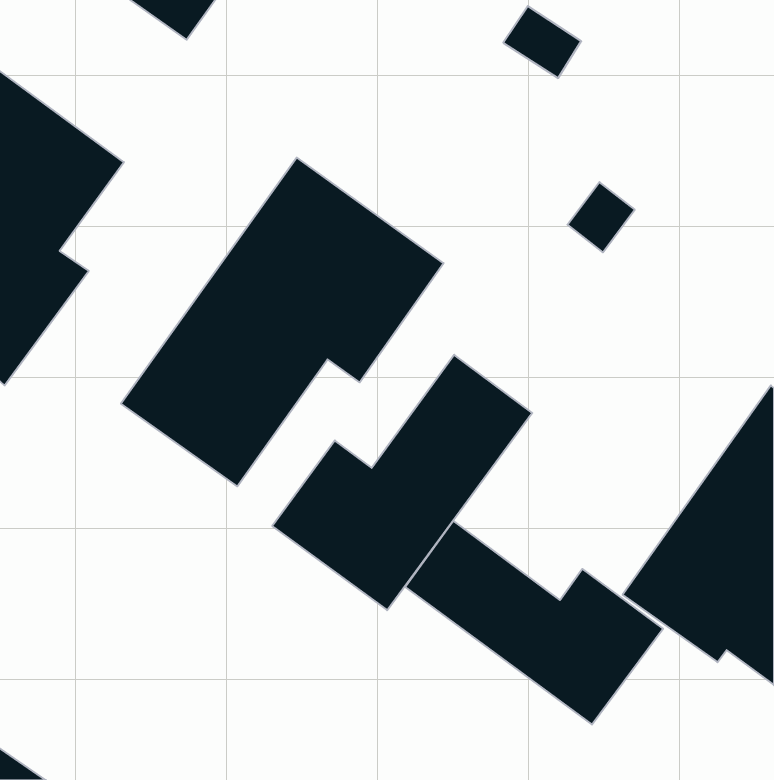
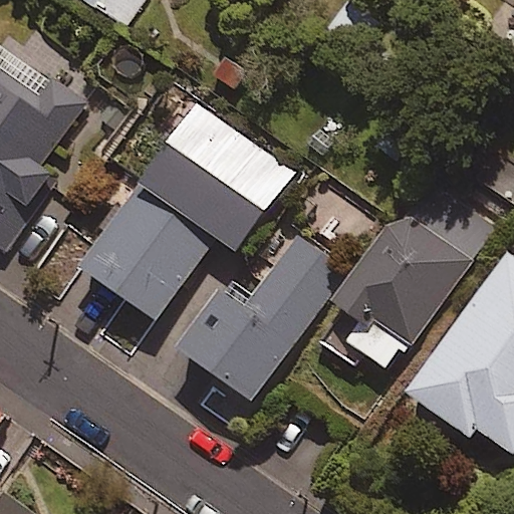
building: none -> [323,179,494,370]
building: [405,521,663,725] -> none

